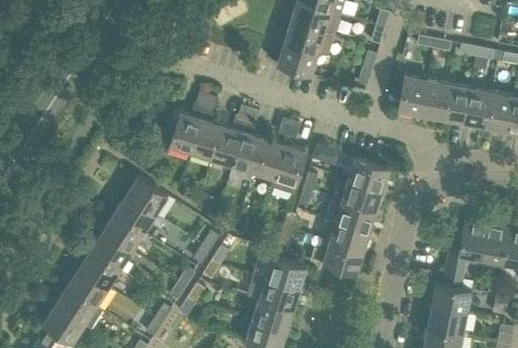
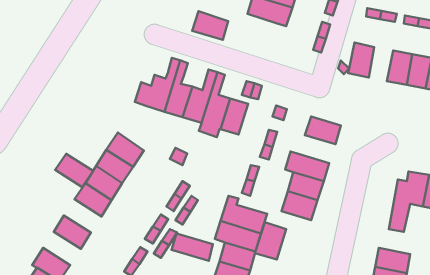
building: [277,42,318,75] -> [192,11,228,40]
building: [421,80,448,118] -> none
building: [271,144,307,194] -> none
building: [343,179,383,210] -> none
building: [78,251,120,288] -> [55,154,93,187]
building: none -> [255,222,286,260]
building: [432,283,471,313] -> none
building: [55,287,103,329] -> none
building: none -> [172,234,213,261]

